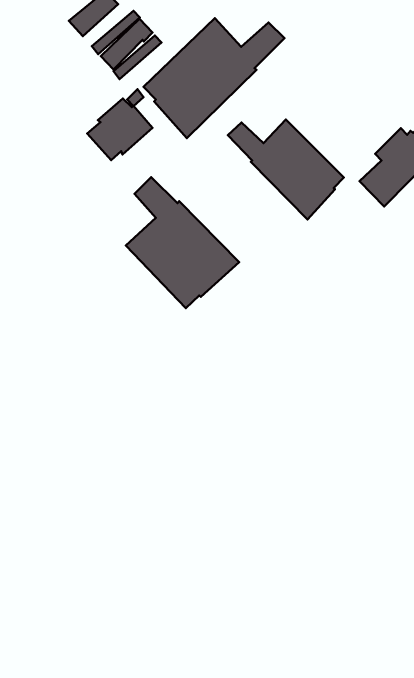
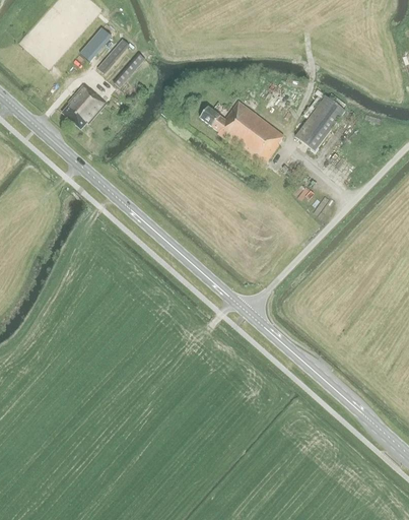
building: [144,18,284,138] -> none
building: [87,99,152,160] -> [62,83,107,127]
building: [126,177,239,308] -> none

